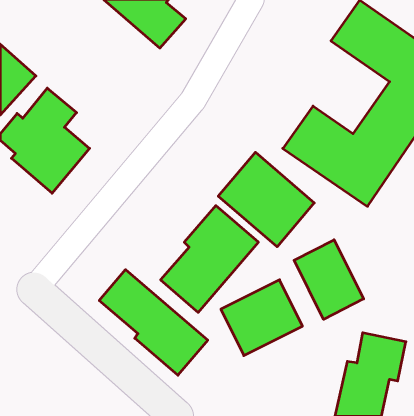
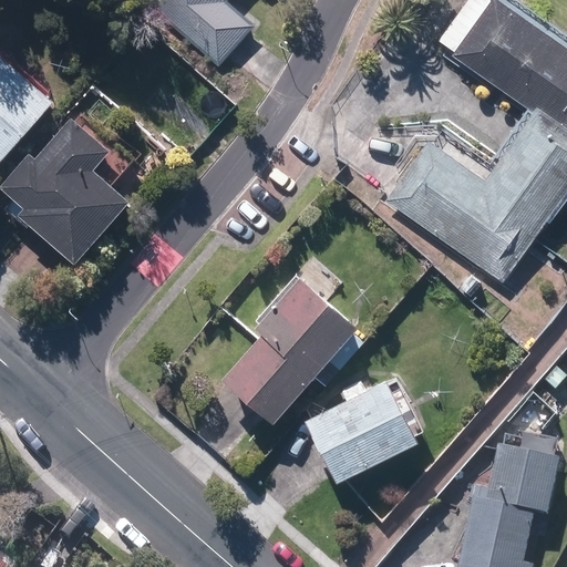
building: [218,152,314,247] -> none
building: [294,240,364,319] -> none
building: [99,270,208,375] -> none

